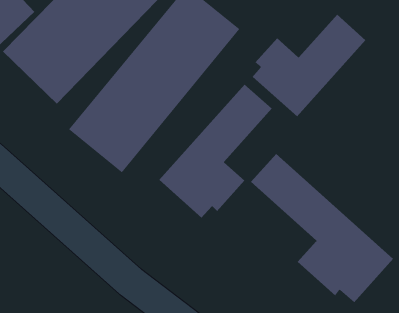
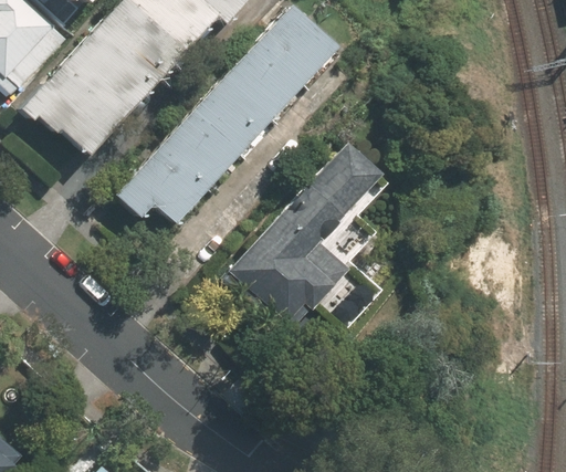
building: [252,14,366,117] -> none
building: [250,153,394,303] -> none

